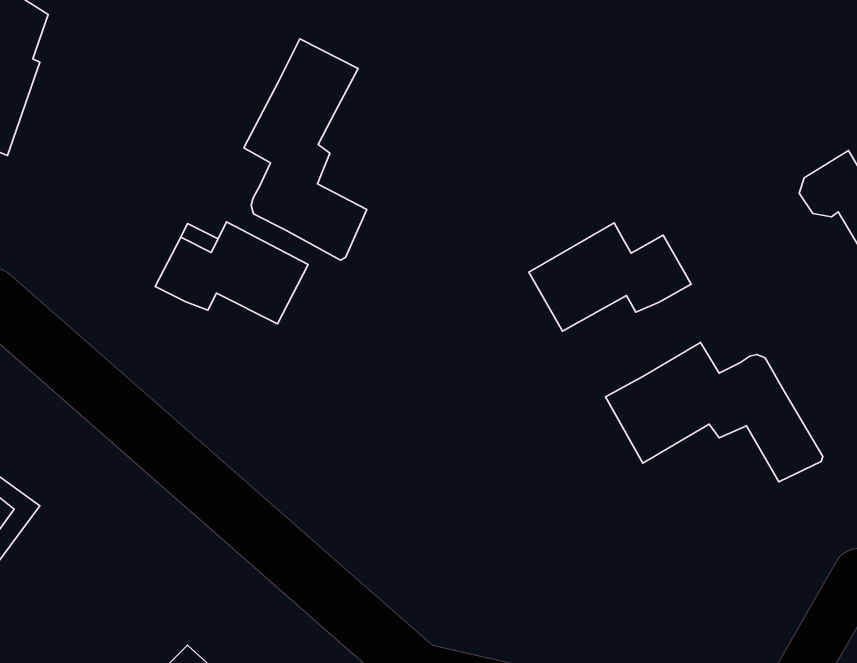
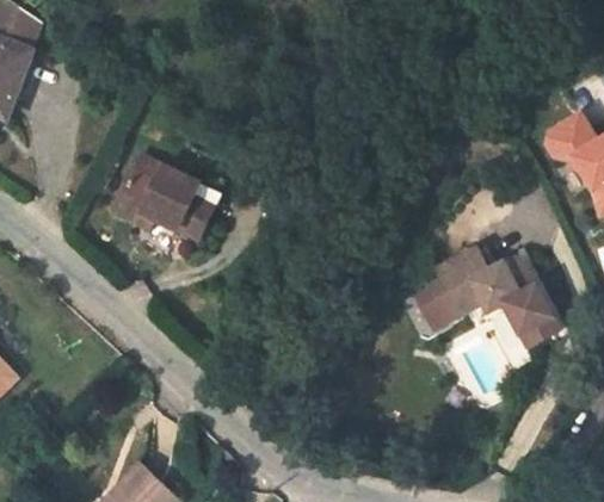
building: [244,39,367,260] -> none
building: [529,223,691,331] -> none

